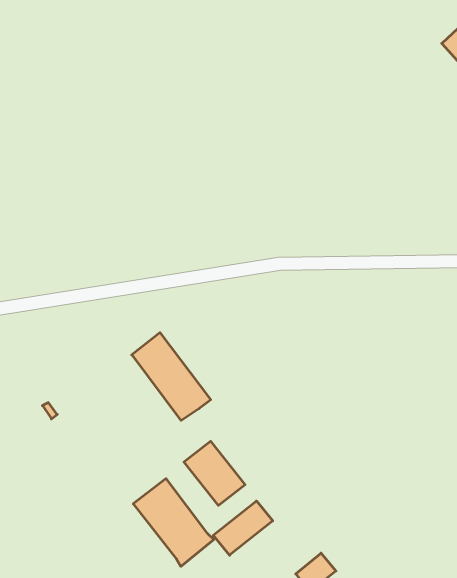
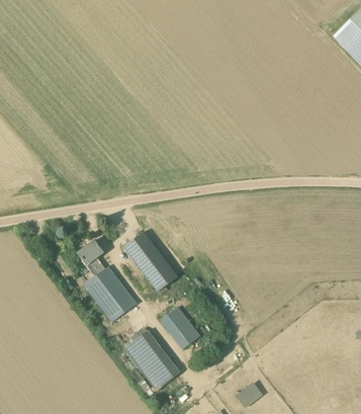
building: none -> [77,240,137,321]
building: [213,501,273,555] -> none

